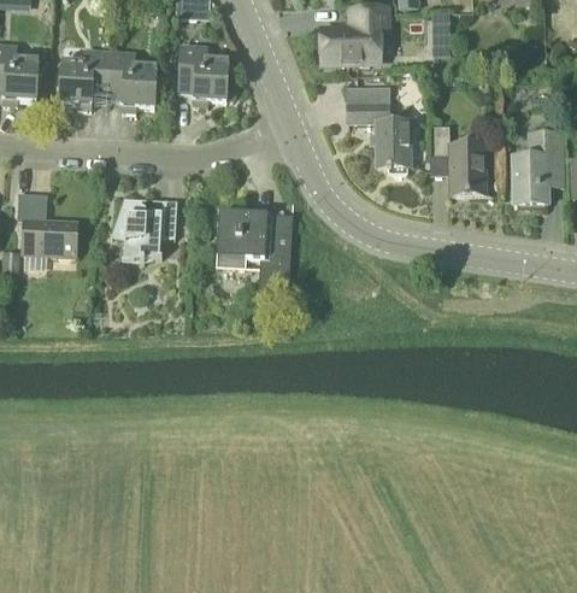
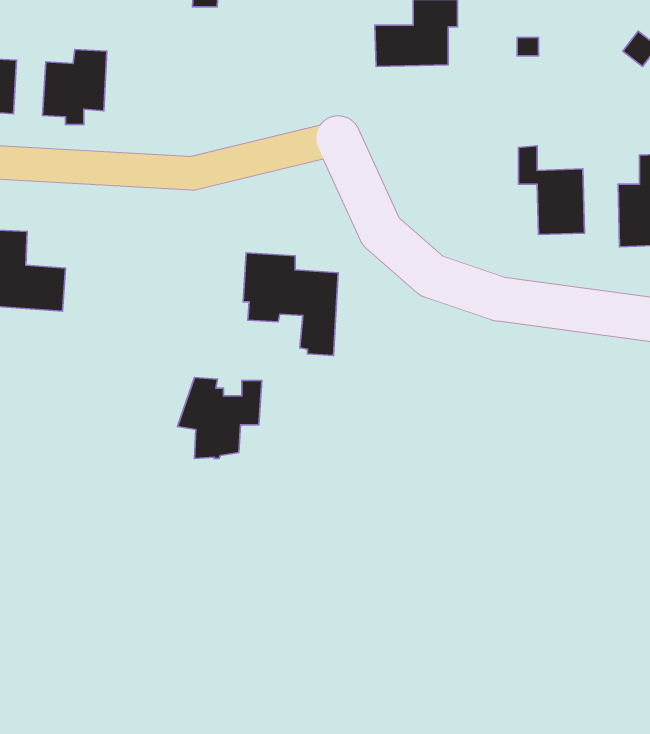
building: [178,45,236,106] -> none
building: [107,51,157,112] -> none
building: [347,100,408,168] -> none
building: [111,198,177,262] -> [178,378,262,459]

